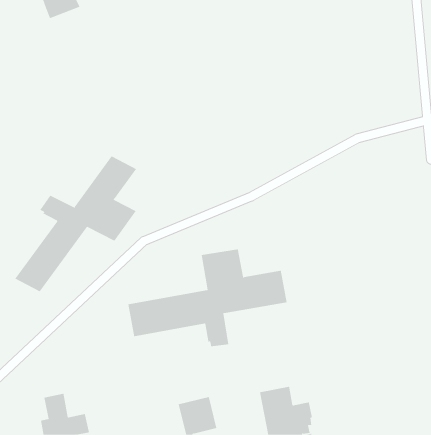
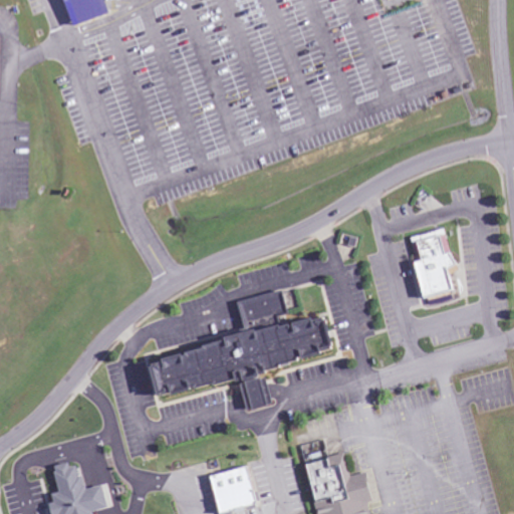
building: [15,156,137,292] -> none
building: none -> [406,228,455,298]

